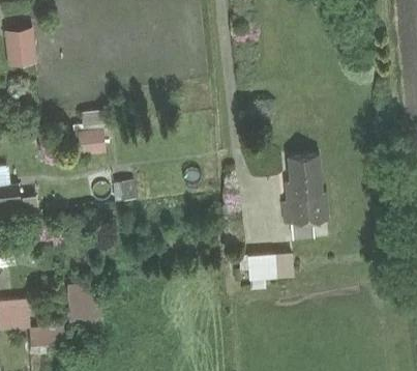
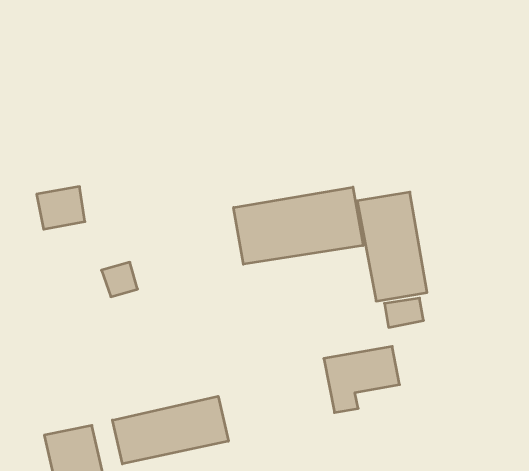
building: none -> [234,187,363,264]
building: none -> [112,396,228,464]

